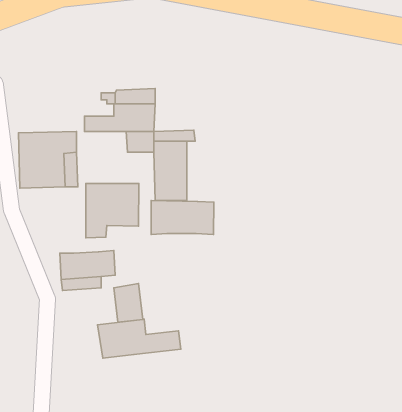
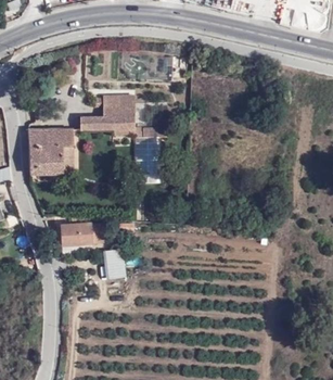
building: [86,183,139,238] -> none
building: [151,201,214,234] -> none
building: [97,319,181,358] -> none

